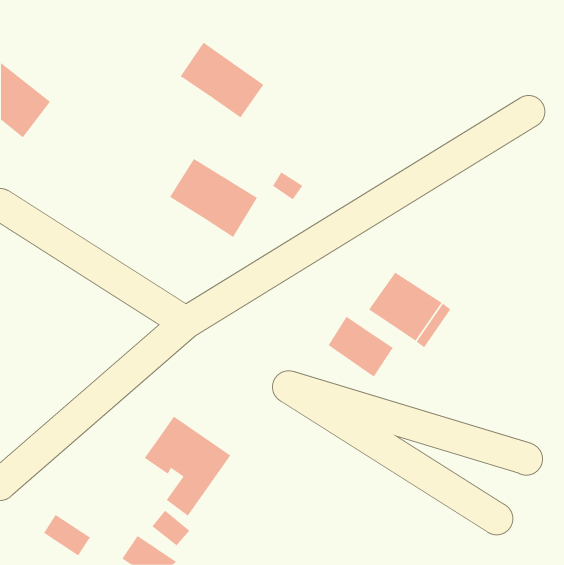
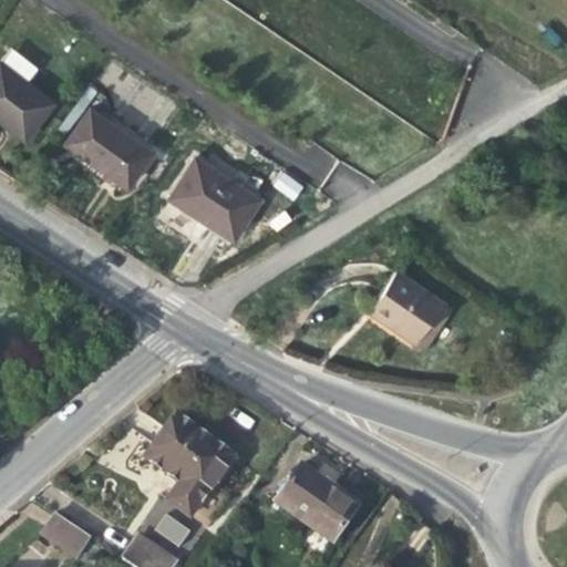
building: [180,42,264,118] -> [68,109,152,185]
building: [328,316,393,377] -> none
building: none -> [277,467,358,542]

